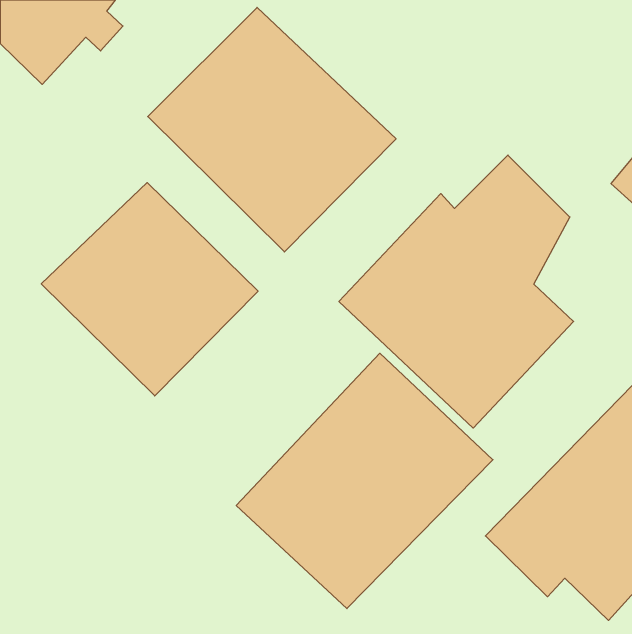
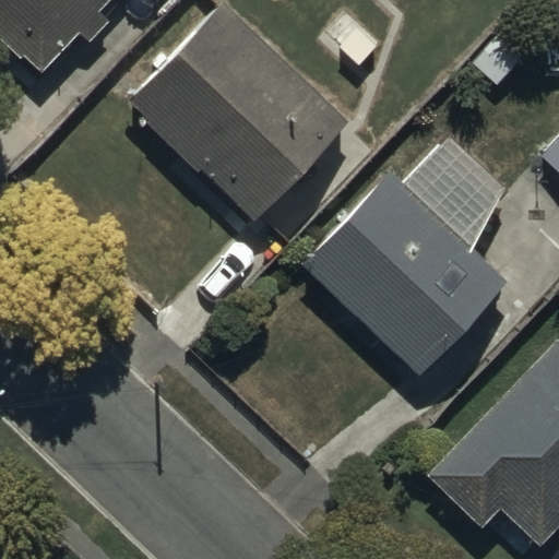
building: [41,183,258,396] -> none
building: [236,353,493,609] -> none

